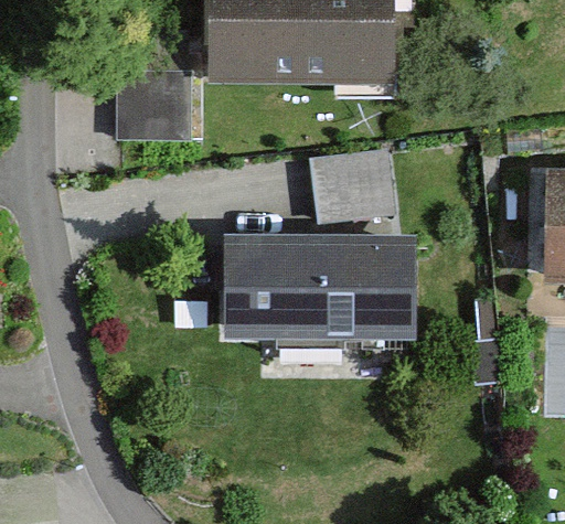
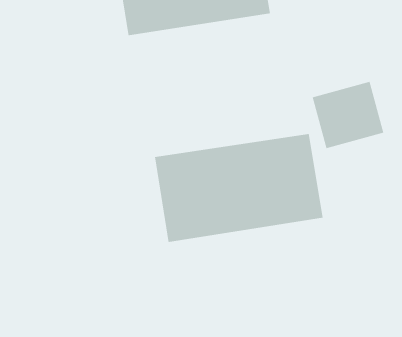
building: [114,71,191,139] -> none
building: [308,147,391,222] -> [312,81,384,149]

